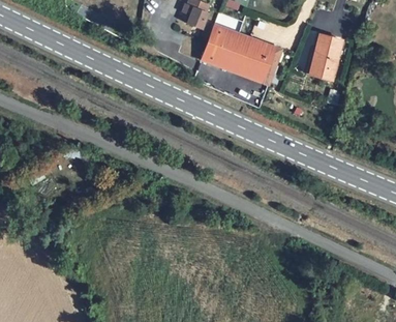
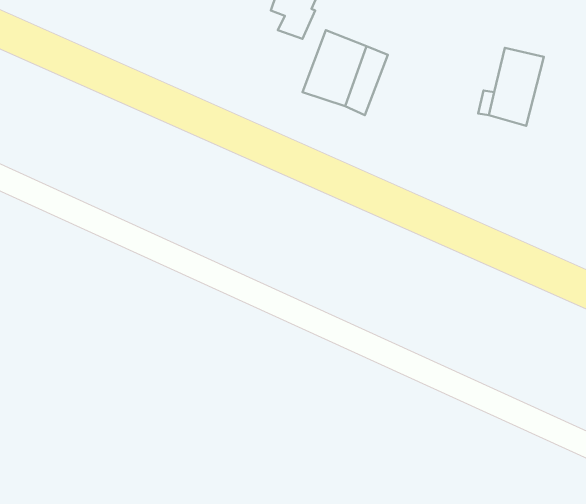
building: [238,38,281,84] -> none

